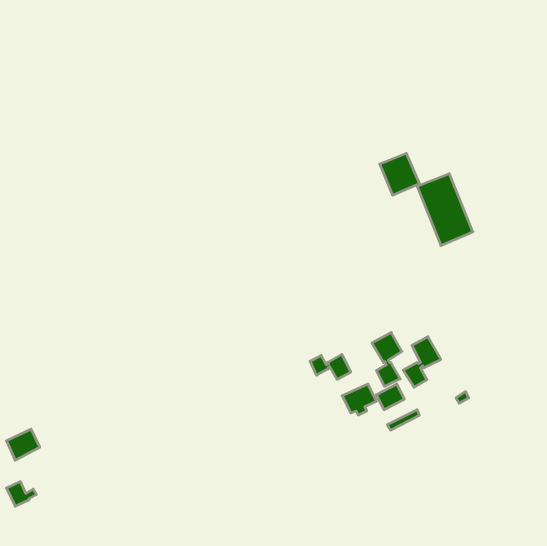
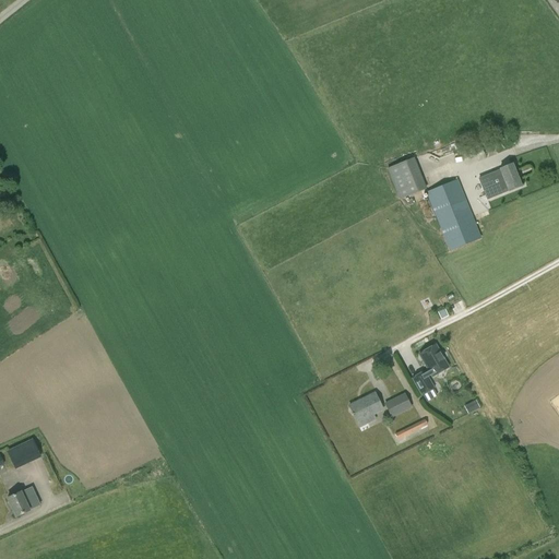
building: none -> [478,162,524,198]
building: [372,332,402,386] -> none
building: [310,354,351,379] -> none

